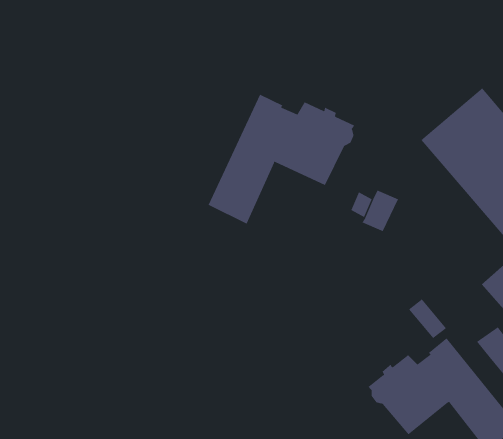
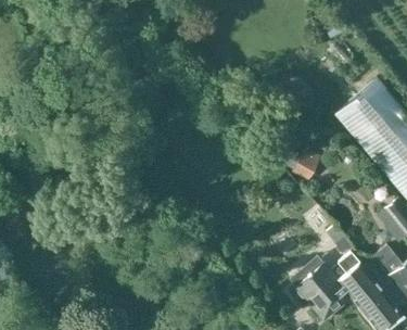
building: [208,94,355,225] -> none

